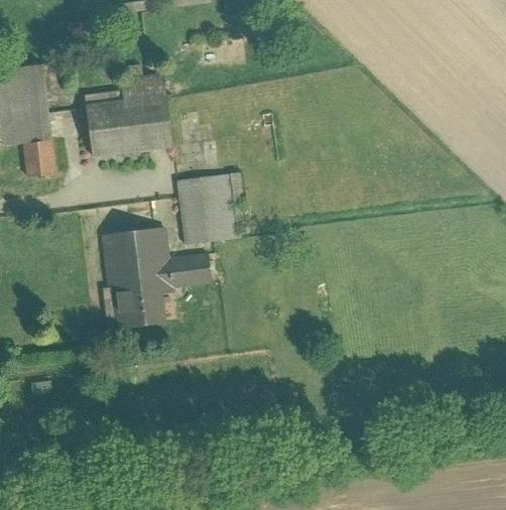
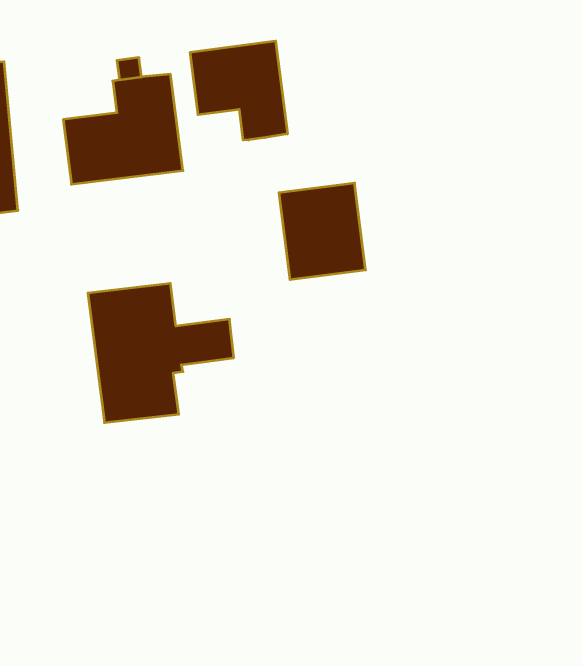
building: none -> [190,41,287,140]
building: [176,172,240,243] -> [279,183,366,280]

